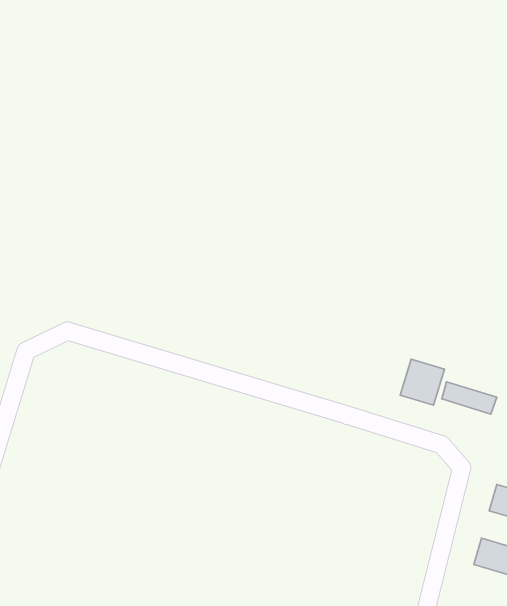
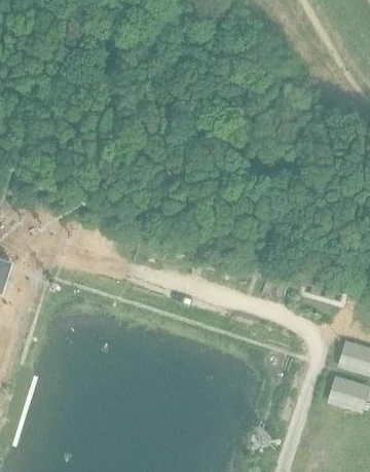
building: [400,359,444,405] -> none

